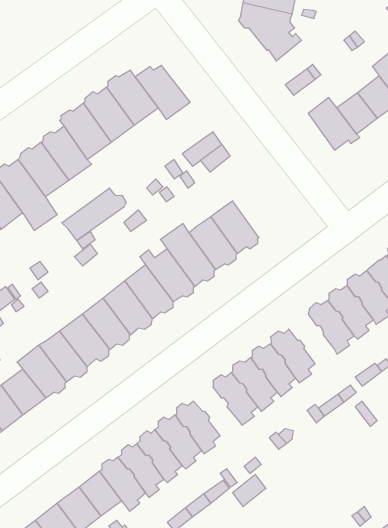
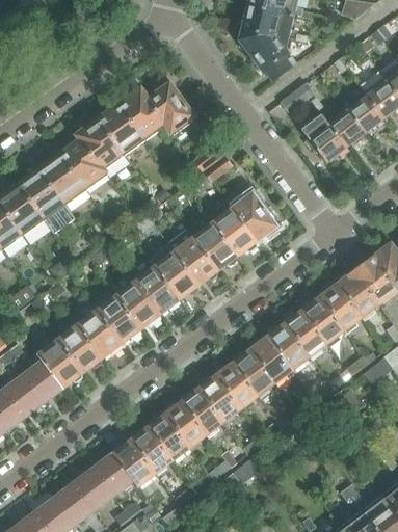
building: none -> [225,191,280,241]
building: [62,188,126,241] -> none
building: none -> [284,311,325,360]
building: none -> [197,377,239,424]

